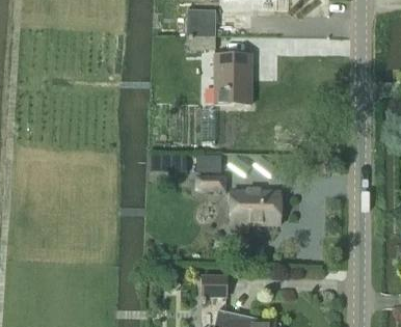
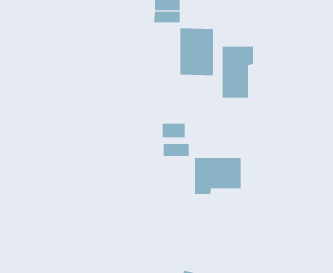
building: none -> [222,46,253,99]
building: [202,274,226,300] -> none

